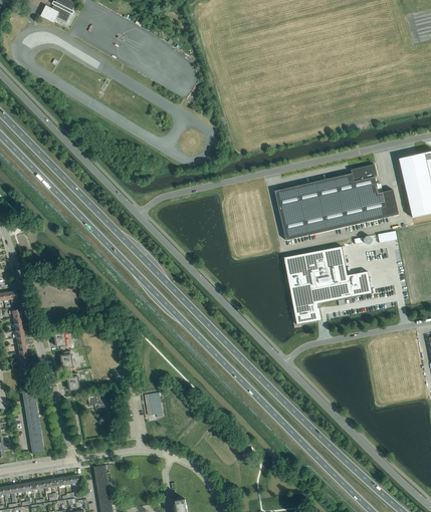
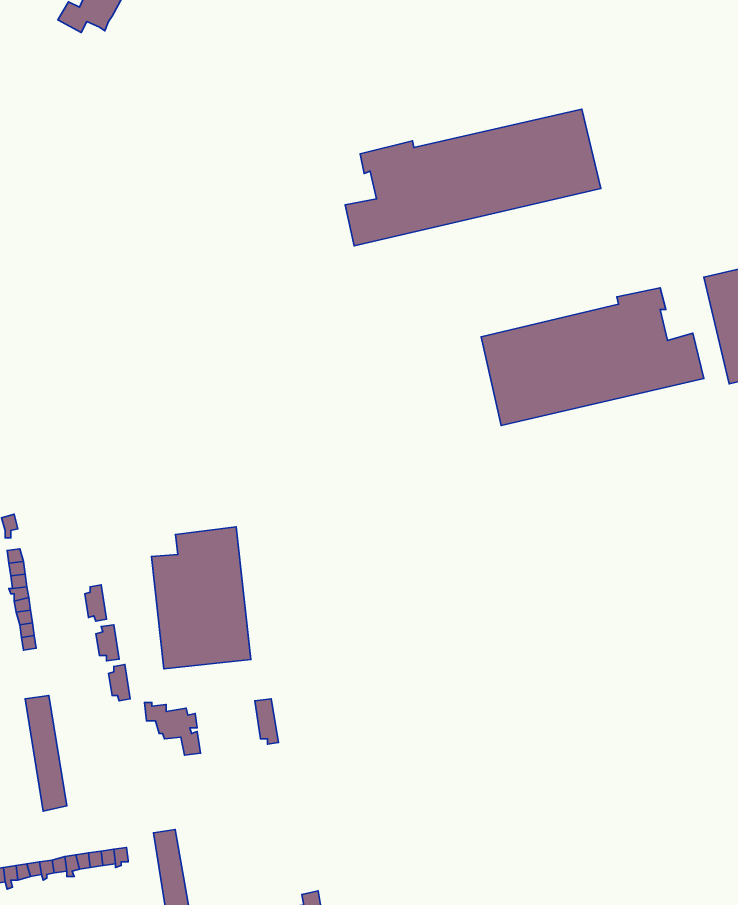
building: none -> [345,109,601,246]
building: [284,246,372,324] -> none
building: none -> [152,527,251,669]

